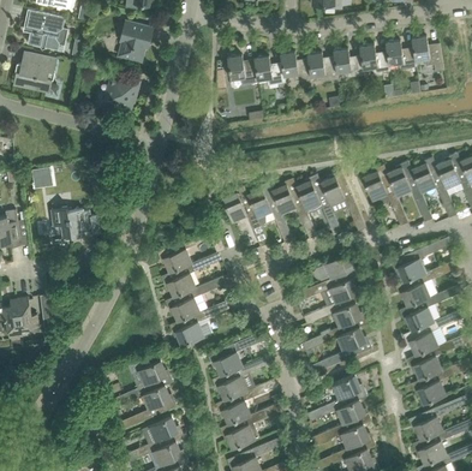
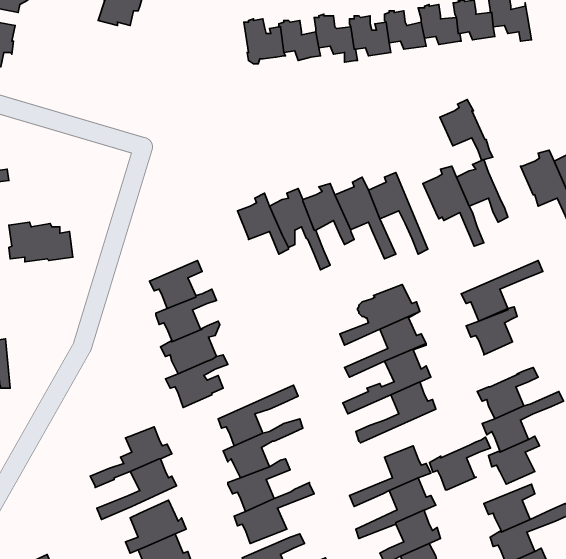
building: [104,73,137,108] -> none
building: [411,156,450,202] -> [440,100,493,160]
building: [399,291,444,330] -> [430,437,490,490]

